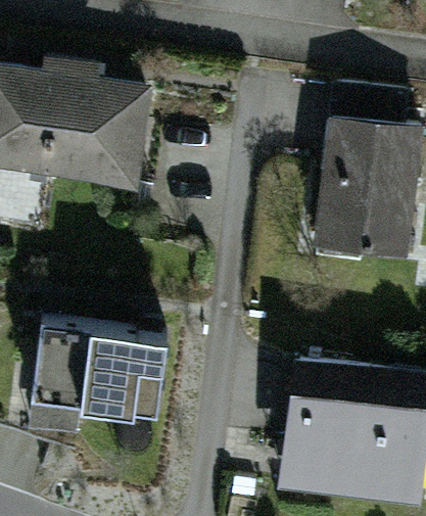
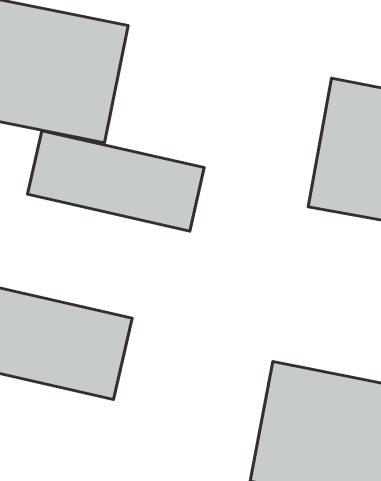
building: none -> [27,131,204,231]

